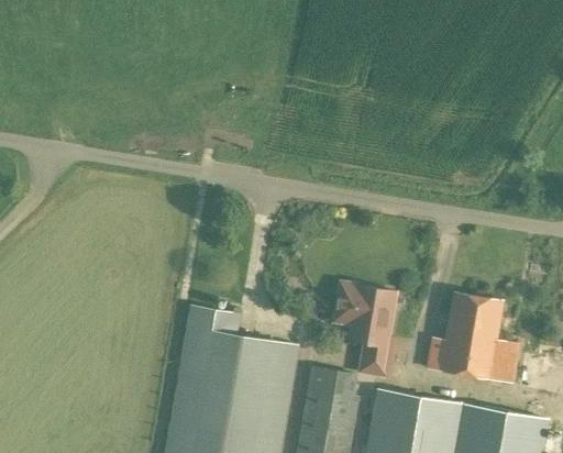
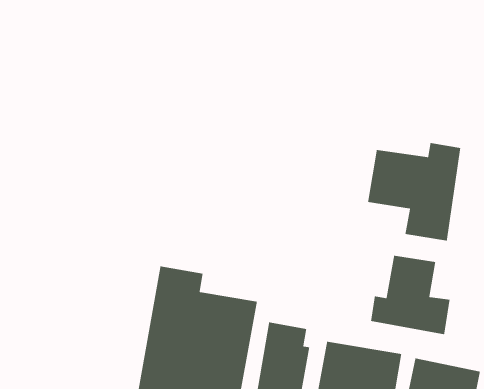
building: none -> [367,142,461,241]
building: [336,284,396,377] -> none

